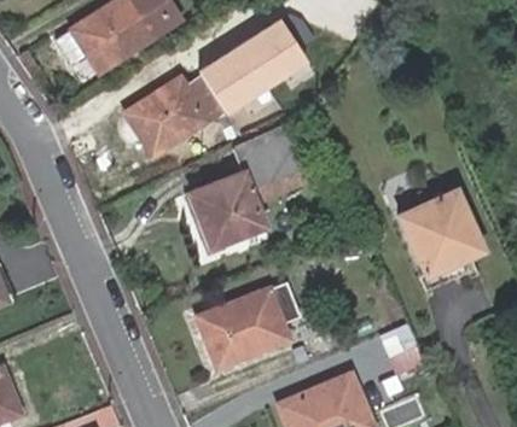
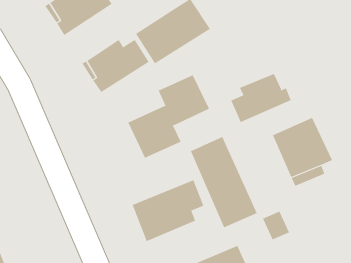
building: none -> [230,73,291,123]
building: none -> [190,136,257,228]

